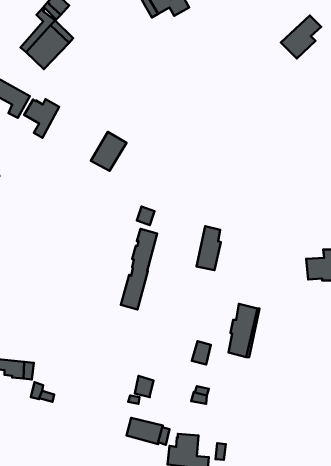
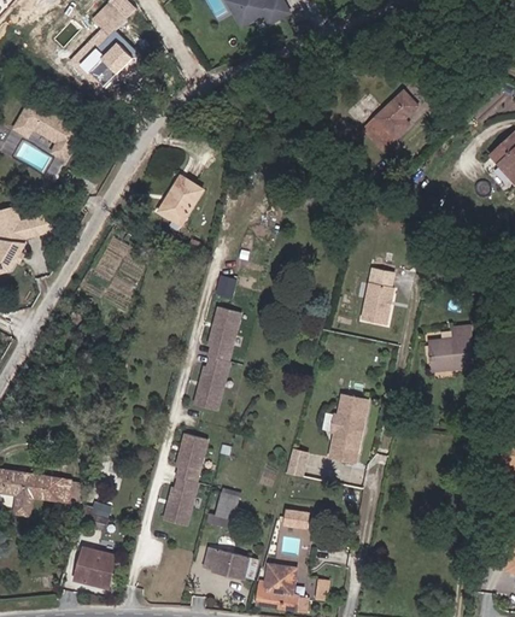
building: [281,15,321,58] -> [362,93,414,148]
building: [24,99,59,138] -> none
building: [197,226,221,270] -> [370,268,402,324]
building: none -> [163,429,206,522]
building: none -> [76,548,116,587]

